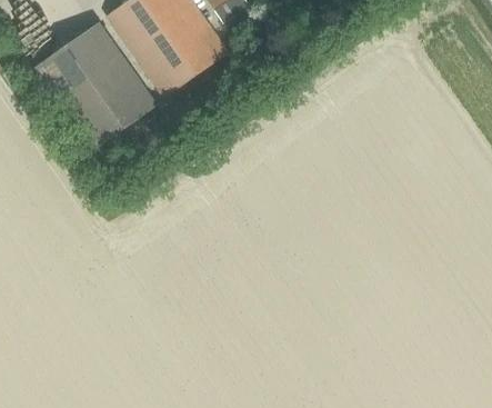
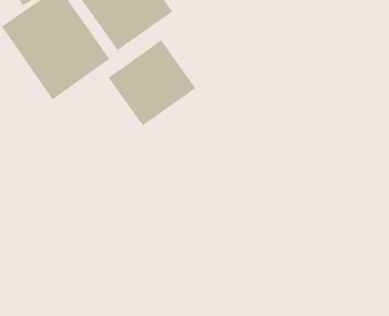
building: none -> [108,40,196,126]

